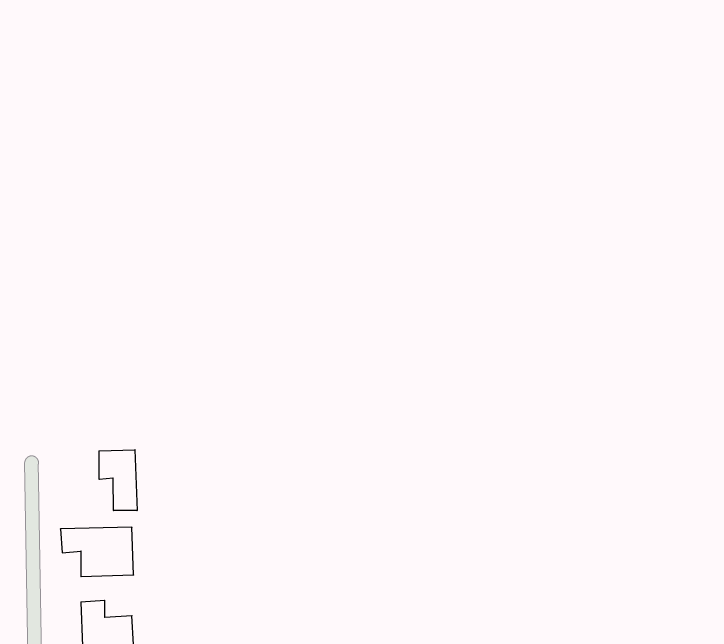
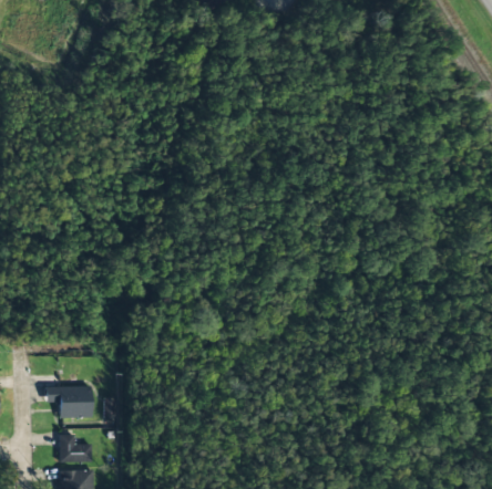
building: [99,450,137,511] -> none

